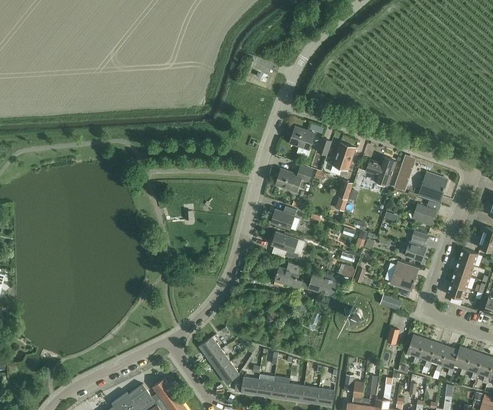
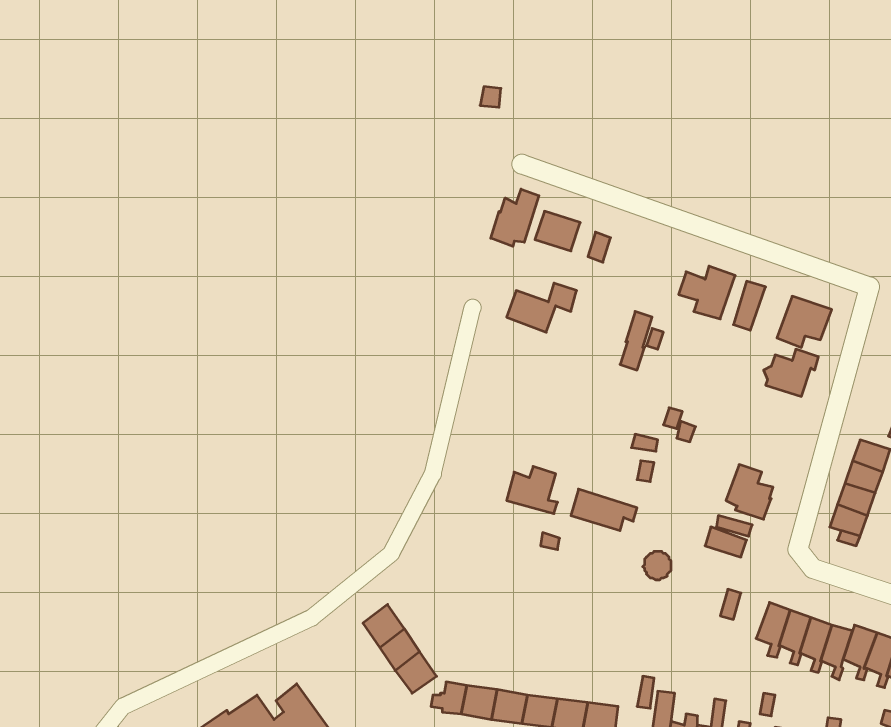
building: none -> [491,189,539,246]
building: [332,142,355,174] -> none
building: [270,205,297,228] -> none
building: [404,230,428,261] -> none
building: [271,231,299,259] -> none

